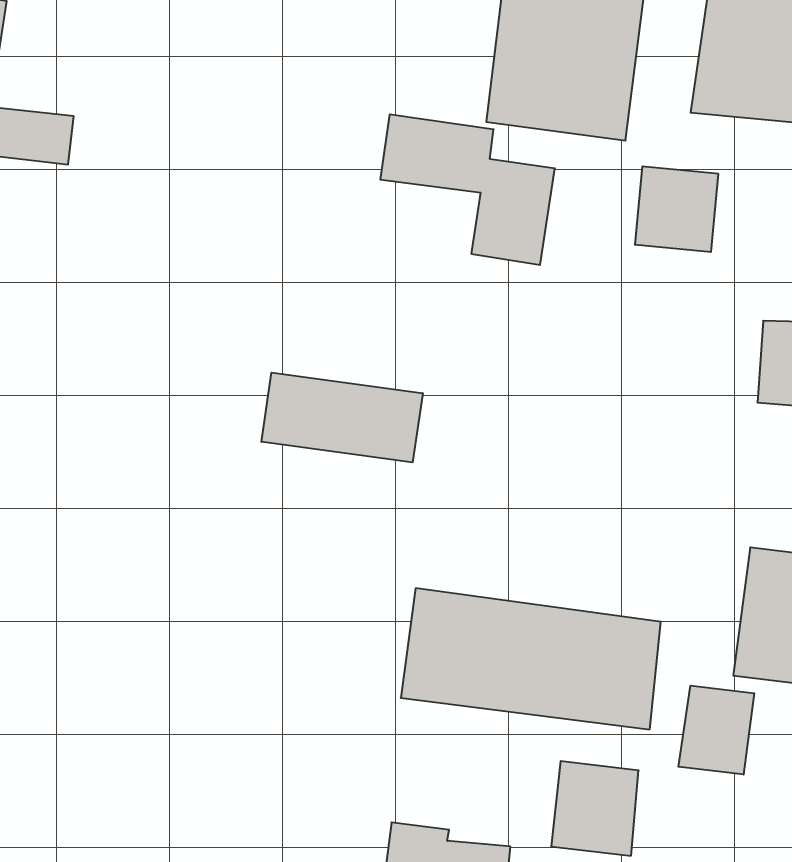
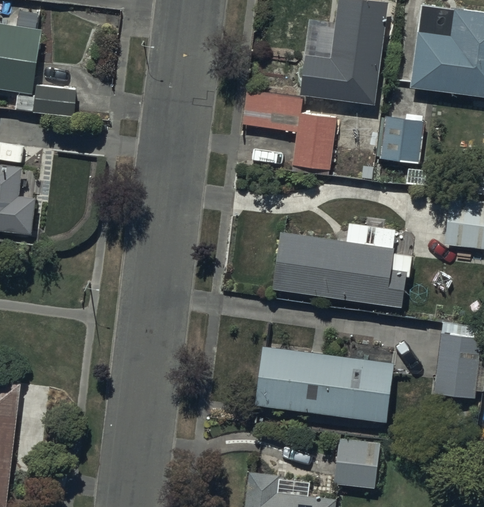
building: none -> [270,223,413,308]
building: [261,373,423,462] -> none
building: [678,686,754,775] -> none

